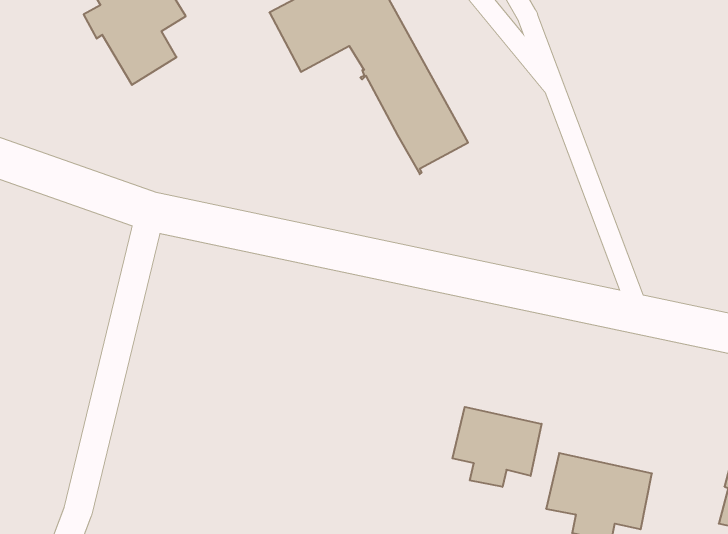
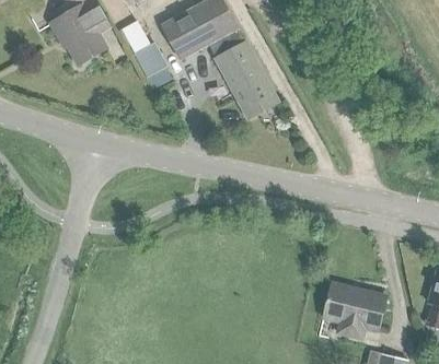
building: none -> [127,32,172,89]
building: [452,407,542,487] -> none

